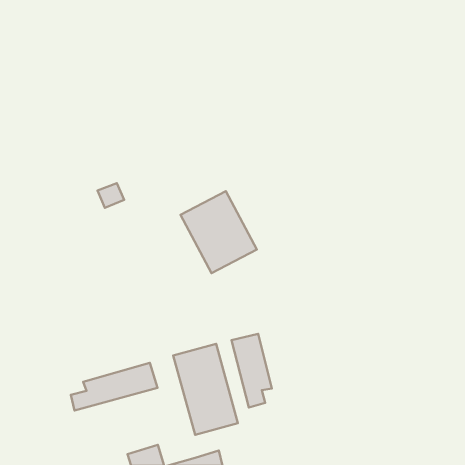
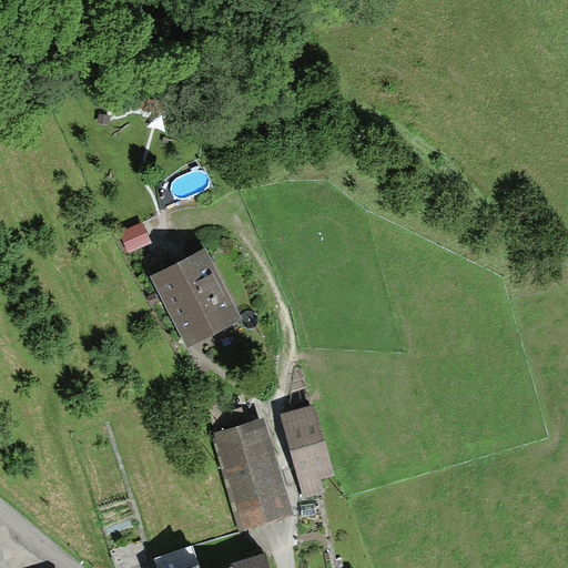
building: [180,191,257,273] -> [149,248,242,348]
building: [71,363,157,411] -> none

